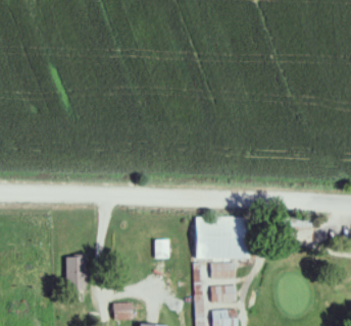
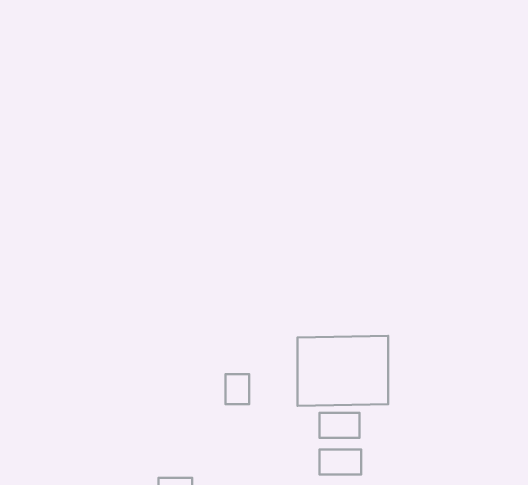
building: [65,256,87,287] -> none

